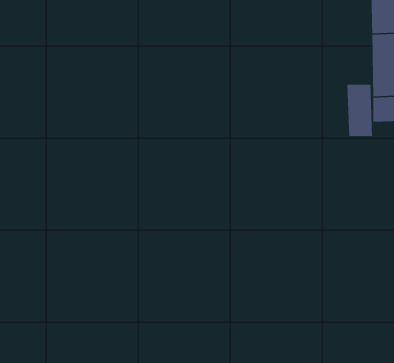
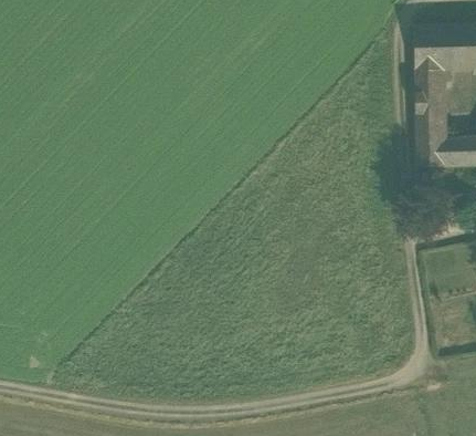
building: [347,84,373,137] -> none

